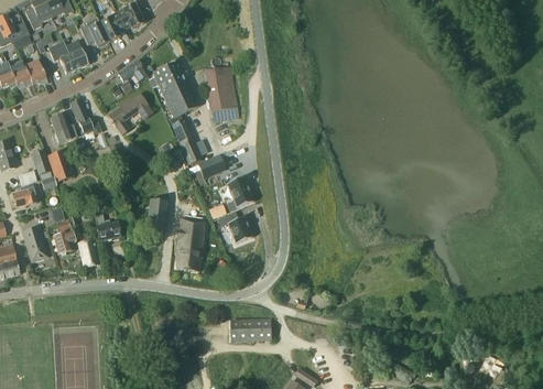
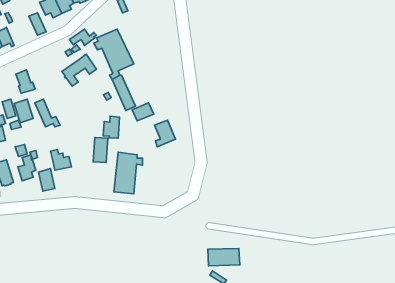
building: [47,40,77,74] -> none
building: [204,66,239,121] -> none
building: [69,97,101,132] -> [35,99,60,127]
building: none -> [103,116,120,138]
building: [218,212,252,244] -> none
building: [231,318,272,341] -> [208,248,240,266]

